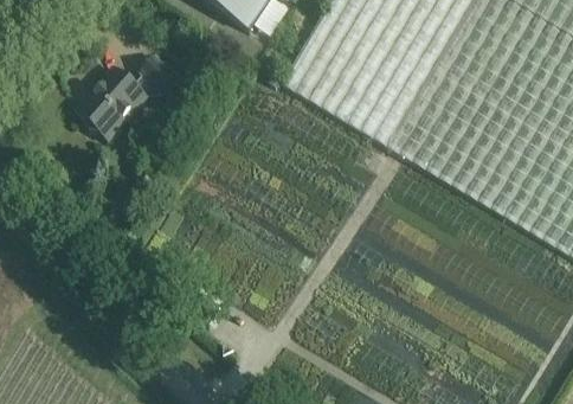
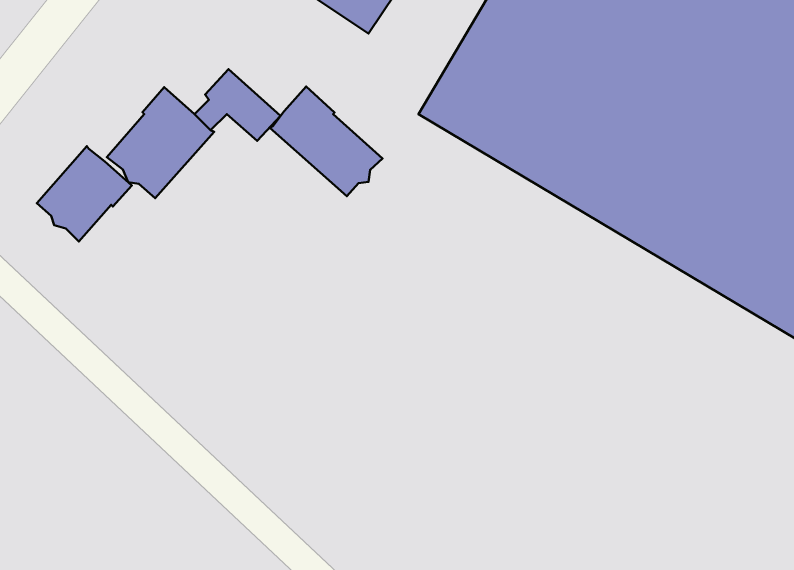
building: none -> [270,86,382,196]
building: none -> [37,146,132,241]

